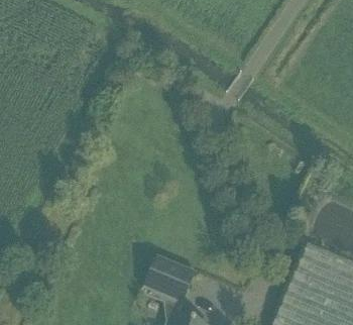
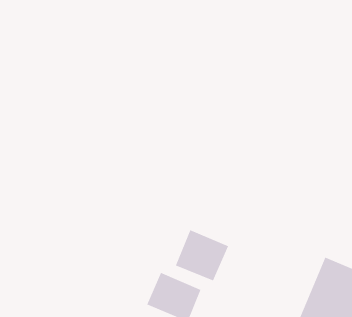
building: none -> [175,229,229,282]

